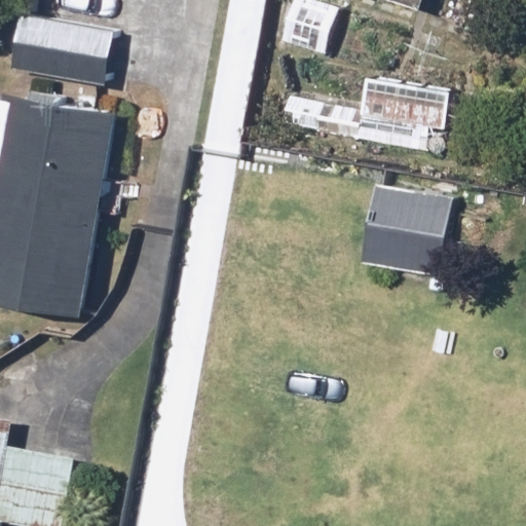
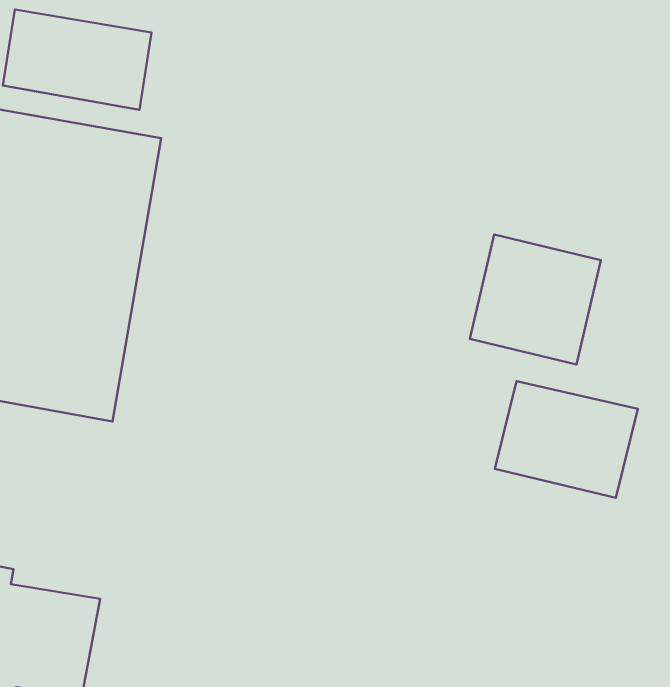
building: [278,74,455,153] -> none
building: none -> [495,381,638,498]

